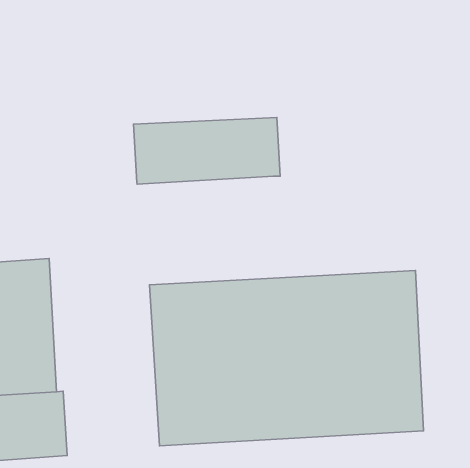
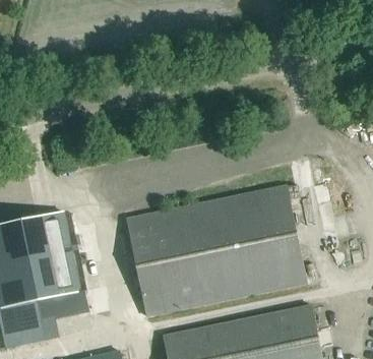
building: [133,118,280,184] -> none

